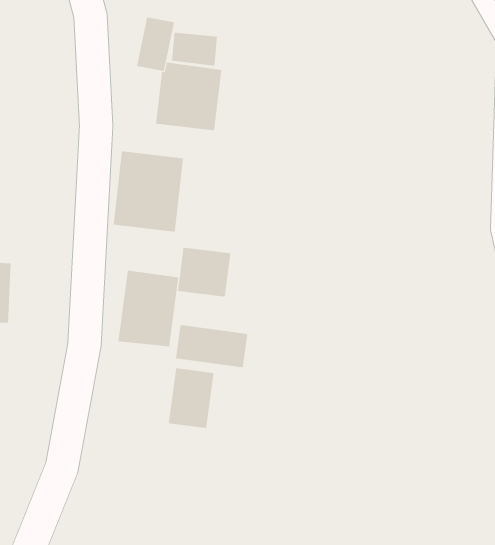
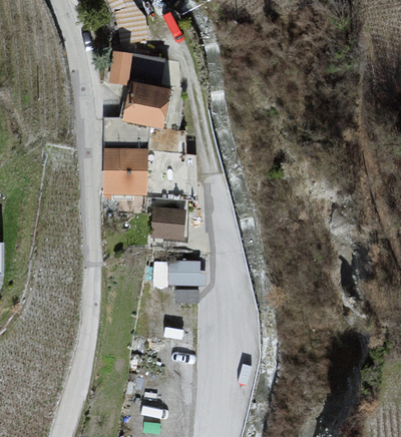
building: [118,270,179,347] -> none
building: [168,367,214,429] -> none

